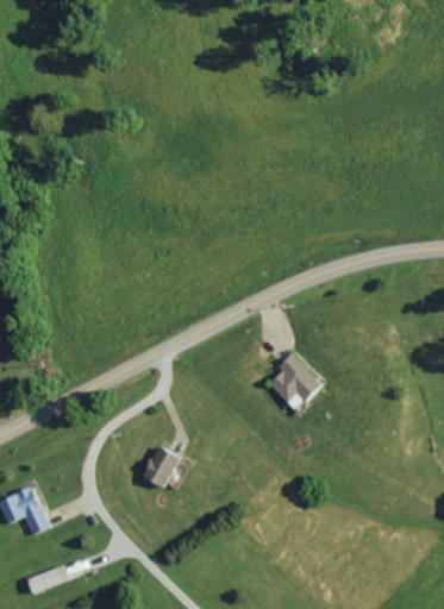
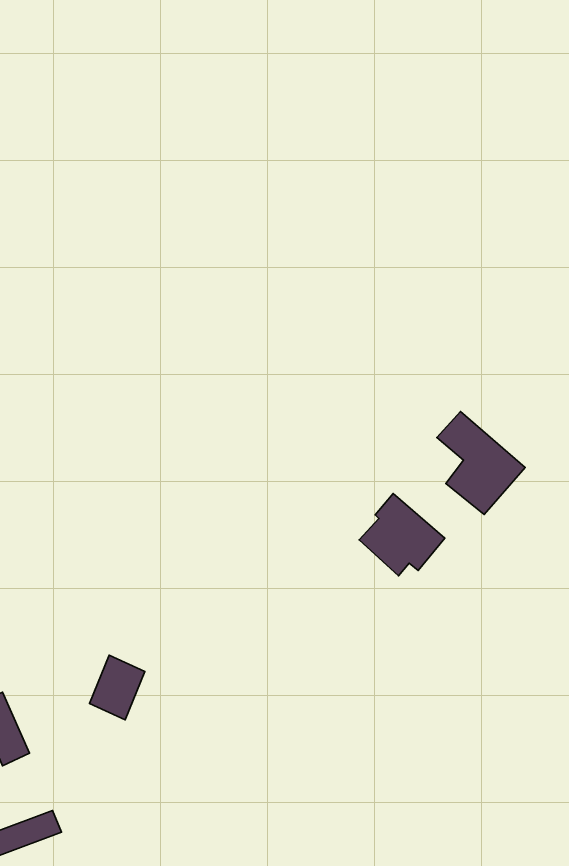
building: none -> [437,412,525,514]
building: [144,445,181,488] -> [89,655,145,720]

